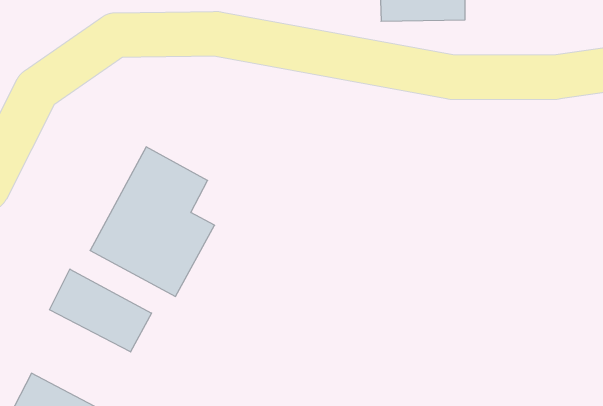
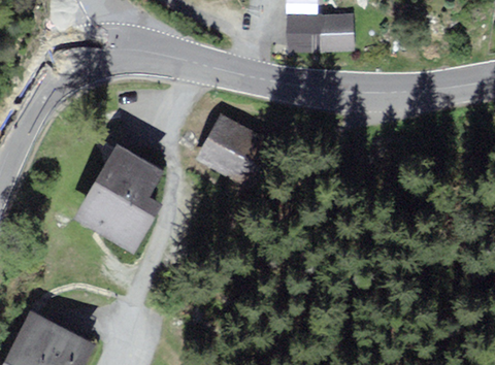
building: none -> [193,113,260,181]
building: [50,269,152,352] -> none

